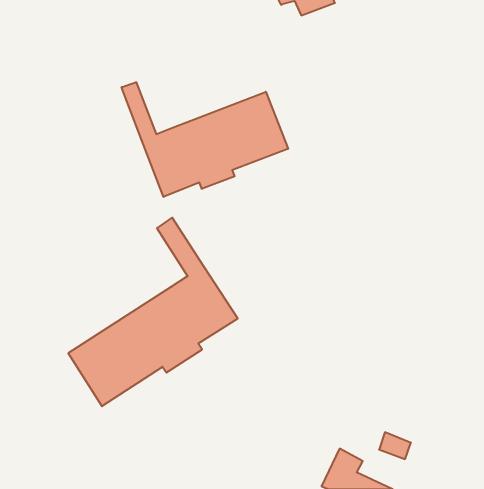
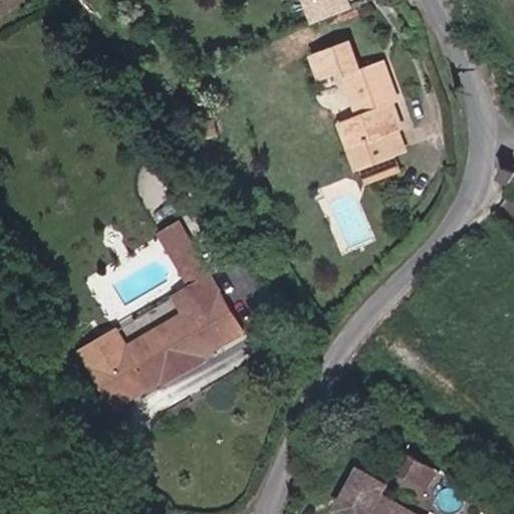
building: none -> [309,41,402,168]
building: [122,82,288,197] -> none

